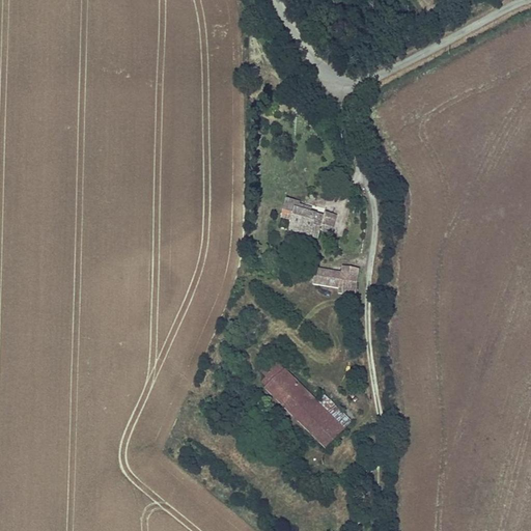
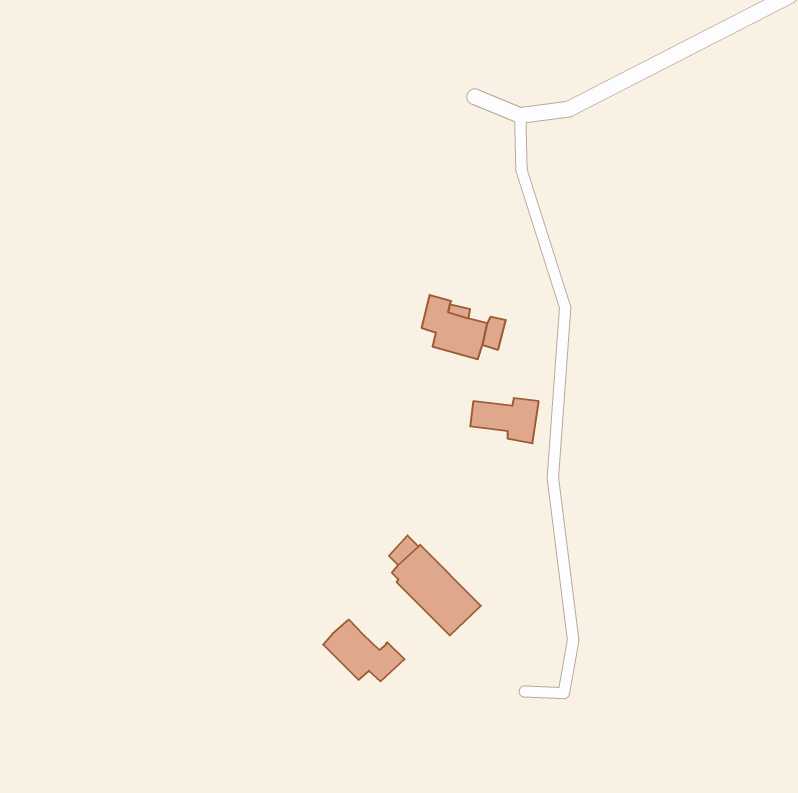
building: [299,402,344,448] -> none
building: none -> [323,620,405,681]

